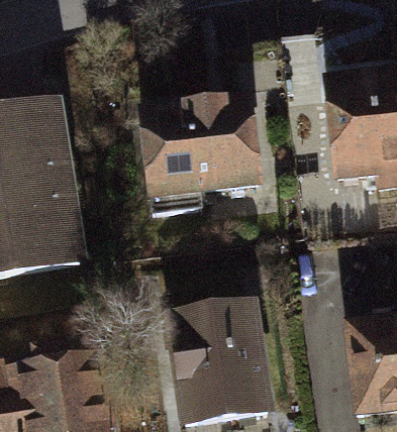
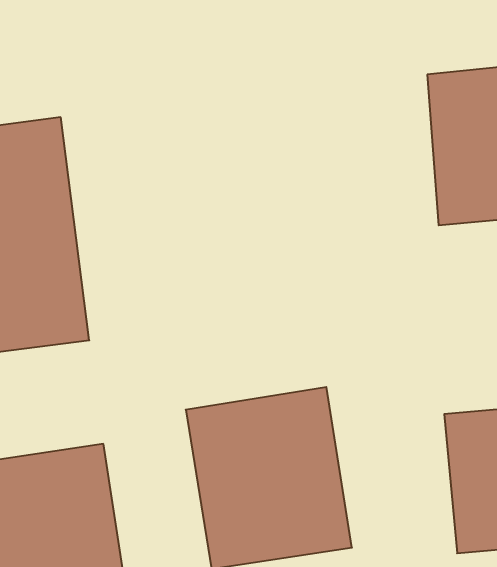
building: [153,93,270,193] -> none

